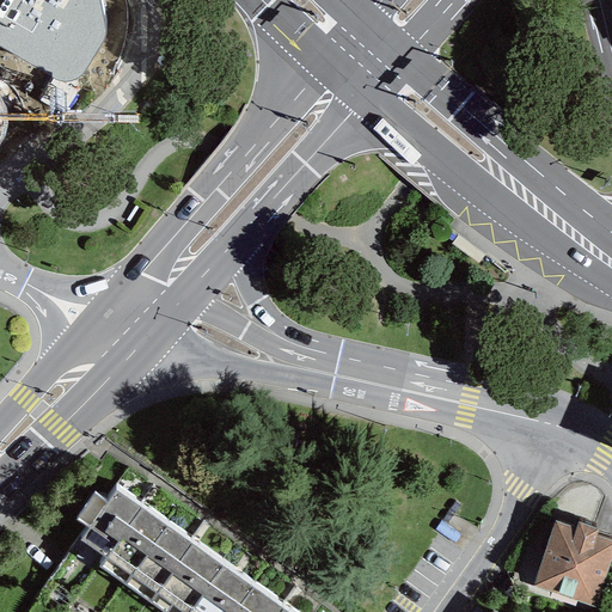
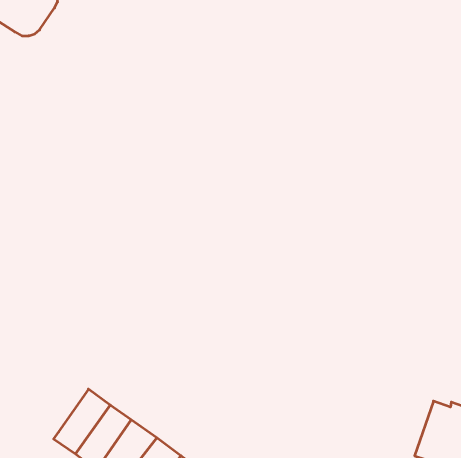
building: [75,489,141,557] -> none

